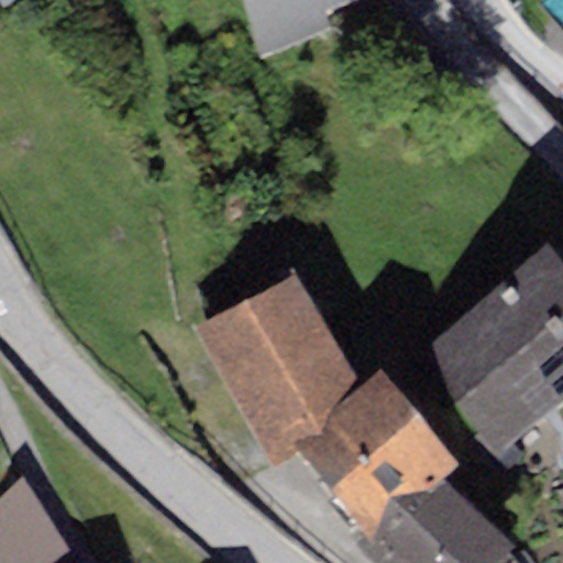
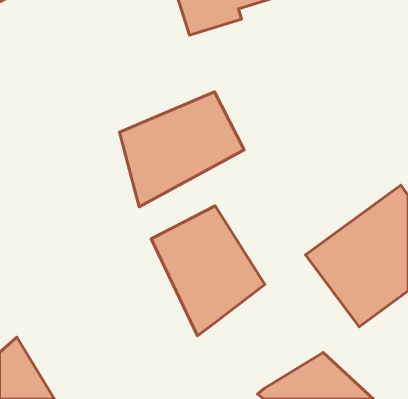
building: none -> [120,92,244,207]
building: [294,377,459,533] -> none

